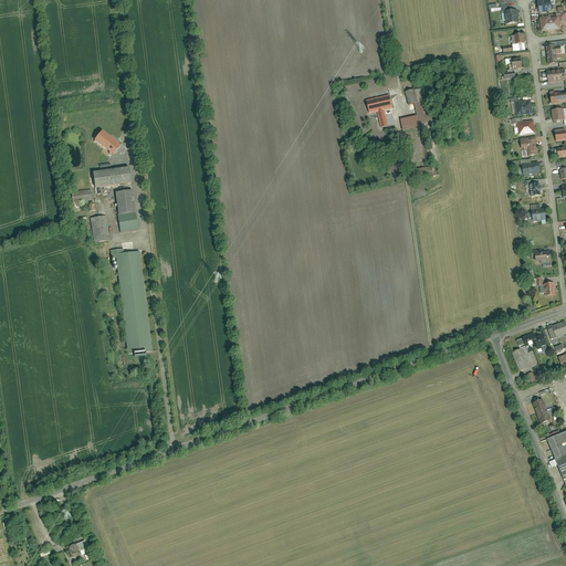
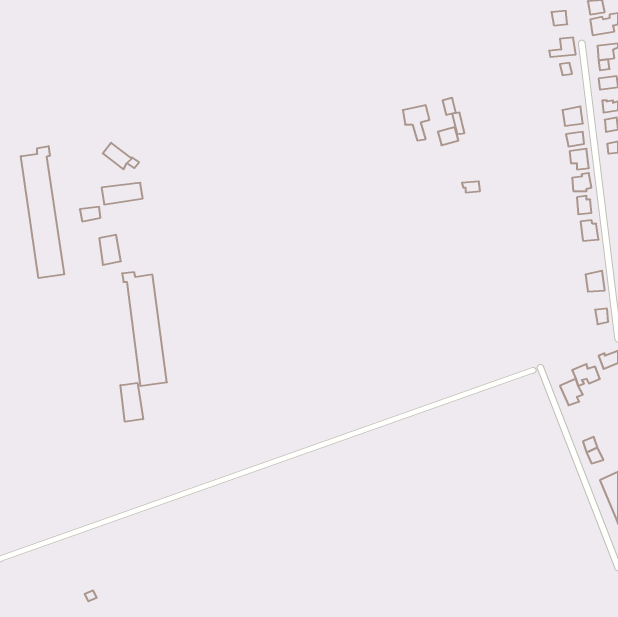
building: none -> [21,146,64,278]
building: [115,189,138,232] -> none
building: none -> [120,383,143,422]

